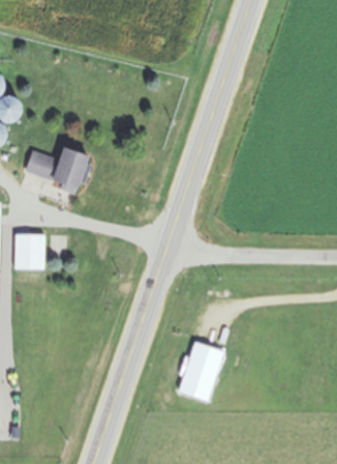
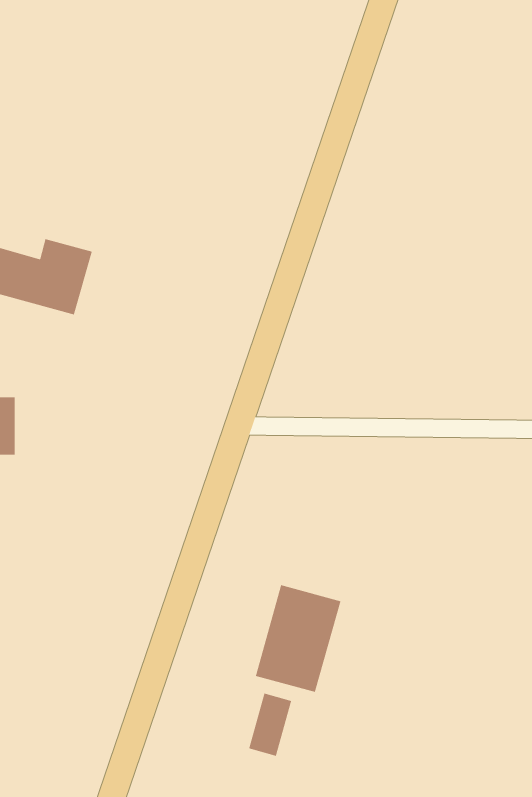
building: none -> [248,693,292,757]

